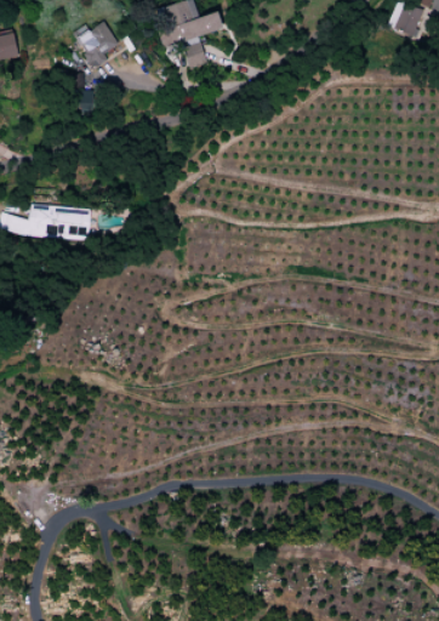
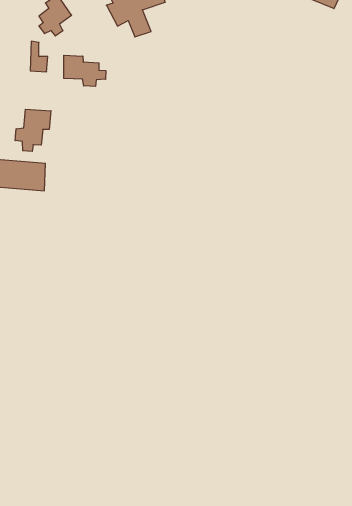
building: none -> [64,55,106,86]
building: none -> [15,109,51,151]

